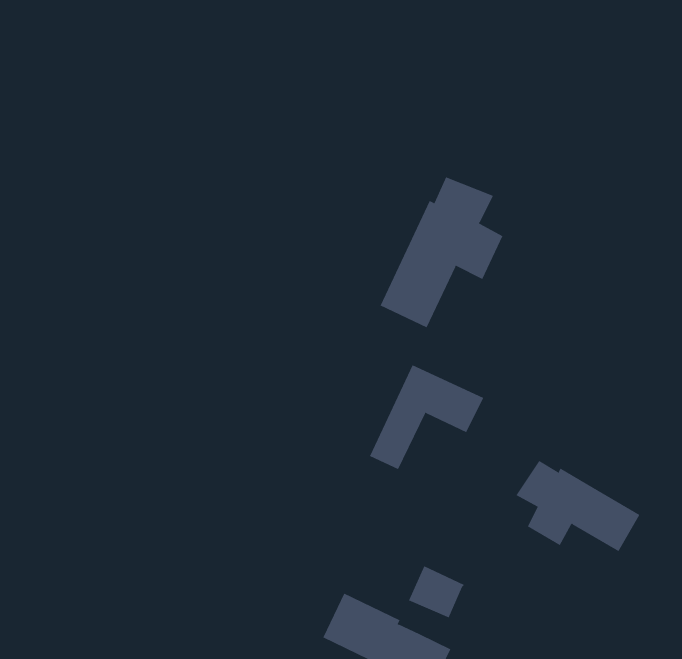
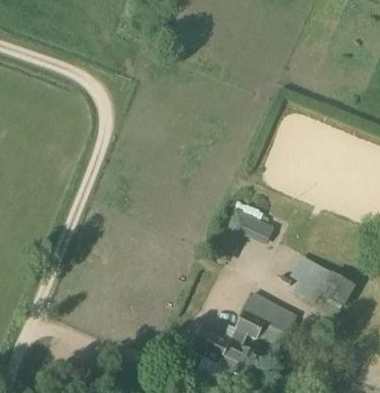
building: [380,177,503,328] -> none
building: none -> [243,292,290,330]

